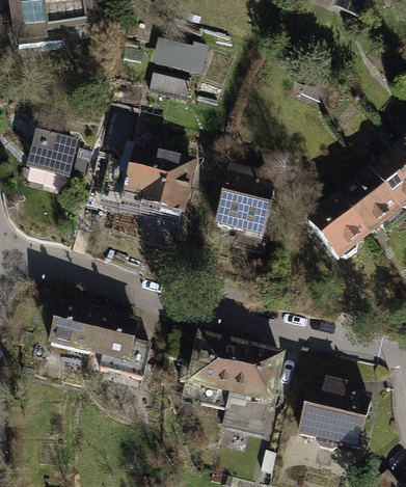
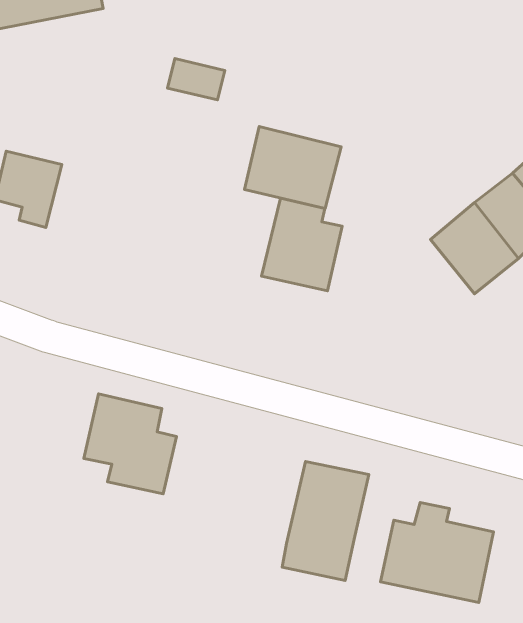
building: [153,40,202,69] -> none
building: [120,148,189,207] -> [244,126,341,209]
building: [303,195,363,256] -> none
building: [43,295,98,350] -> none
building: [189,342,244,410] -> none

